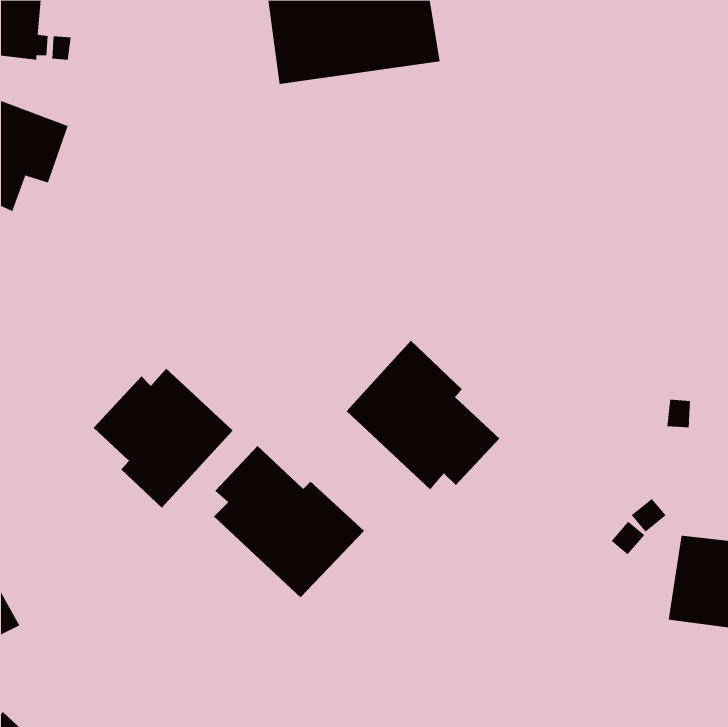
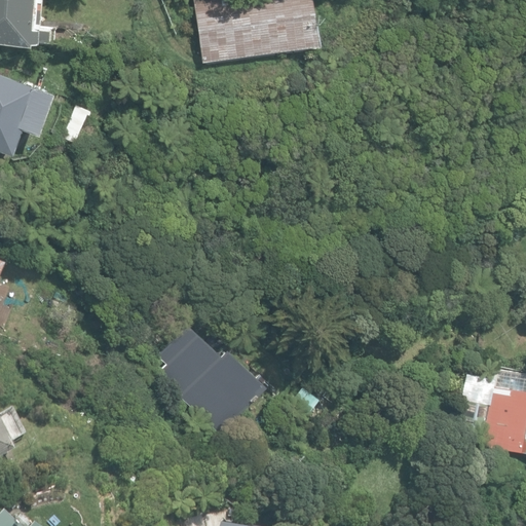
building: [346,340,500,490] -> none
building: [93,368,233,509] -> none

